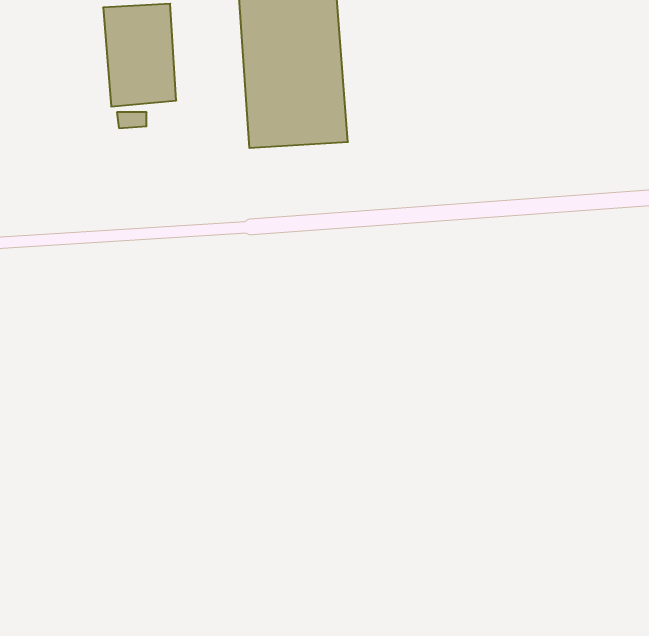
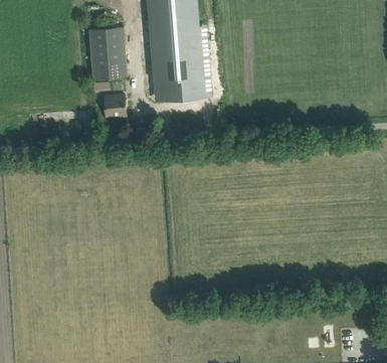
building: none -> [101,94,122,116]

